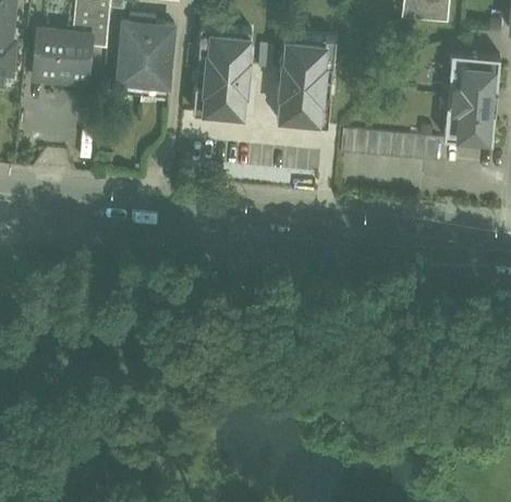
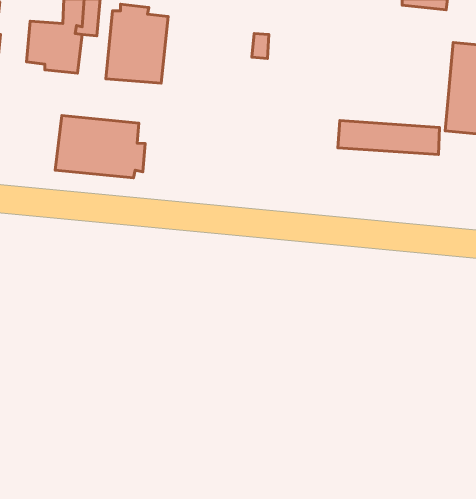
building: [203,33,250,114] -> none
building: [279,39,326,121] -> none
building: none -> [55,115,145,178]

